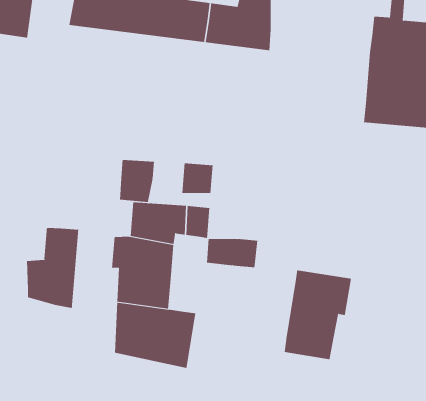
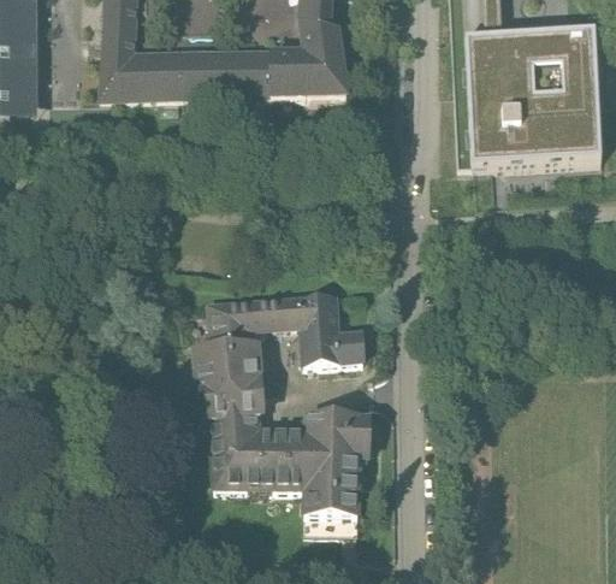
building: [119,159,154,203] -> none
building: [182,163,213,194] -> [300,294,338,334]
building: [26,227,79,309] -> none
building: [284,270,352,360] -> [300,412,369,515]

